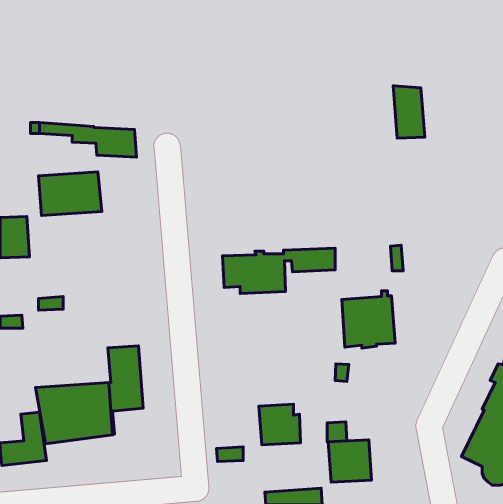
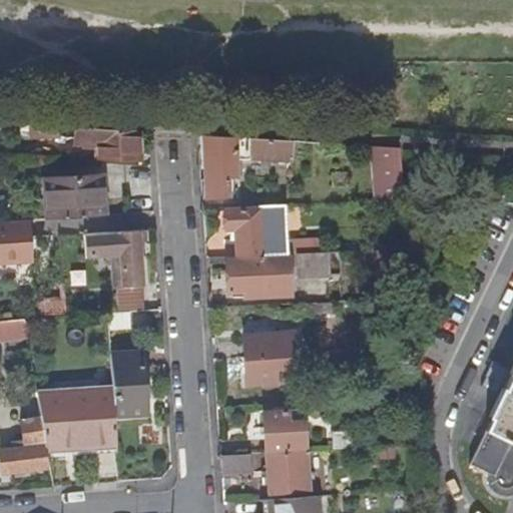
building: [393,86,425,138] -> [373,147,405,200]
building: none -> [202,136,295,198]
building: none -> [225,204,289,256]
building: none -> [85,230,147,313]
building: [342,291,395,348] -> [244,328,299,386]
building: [328,440,372,482] -> [268,452,312,495]

